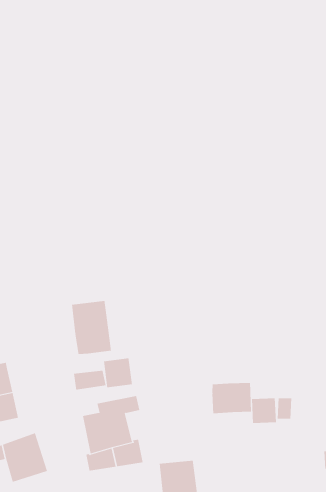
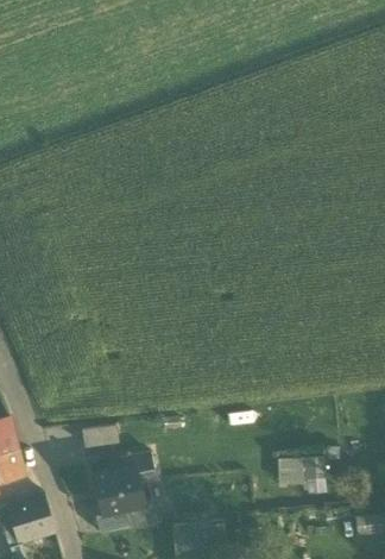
building: [71,300,112,355] -> none
building: [103,357,132,388] -> none
building: [212,382,252,414] -> none

